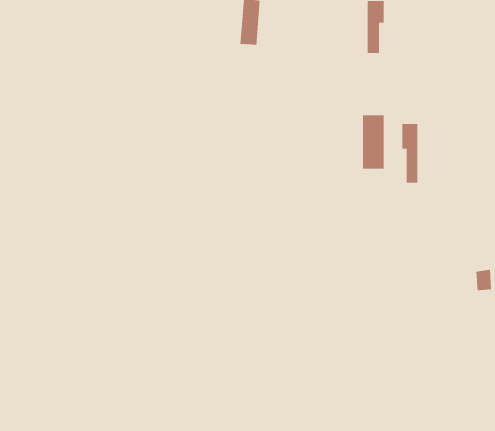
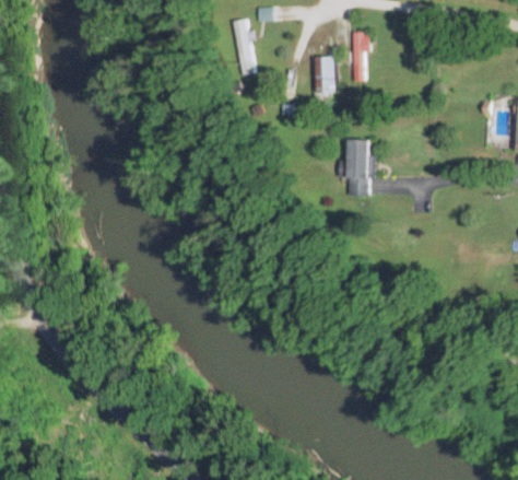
building: none -> [315,56,334,96]
building: [401,123,418,184] -> none

